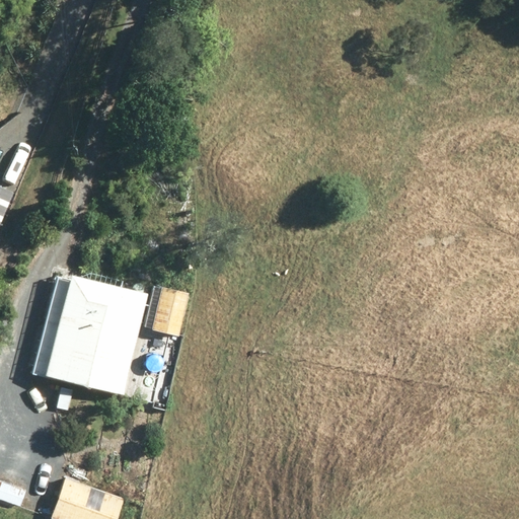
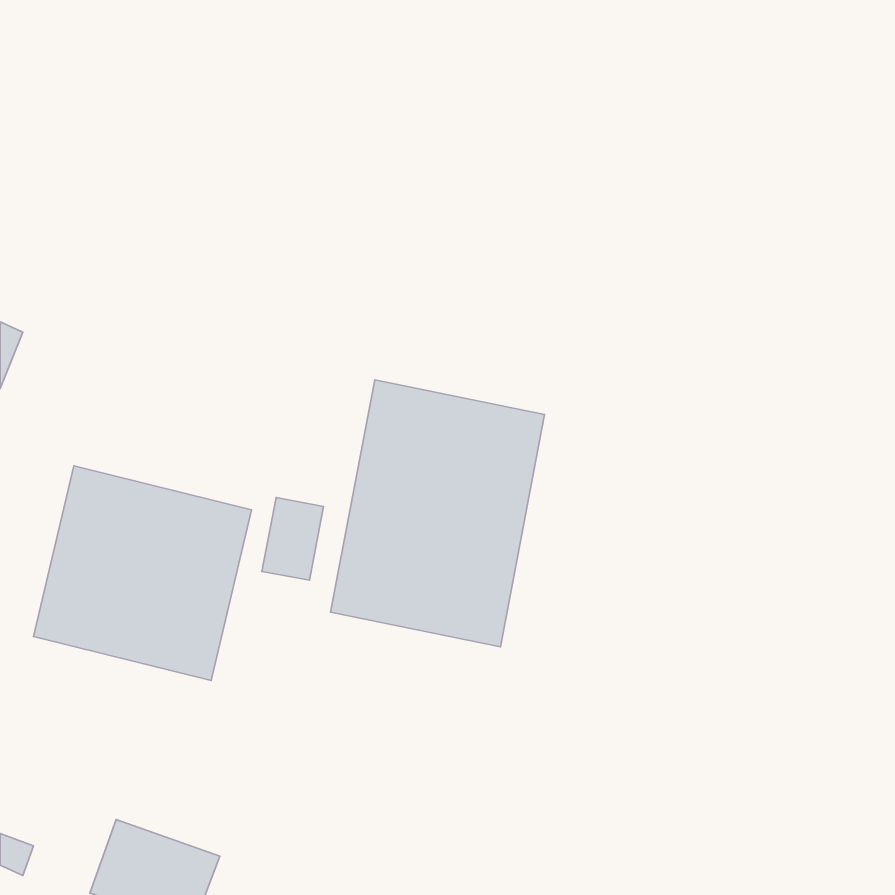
building: none -> [331,380,545,647]

